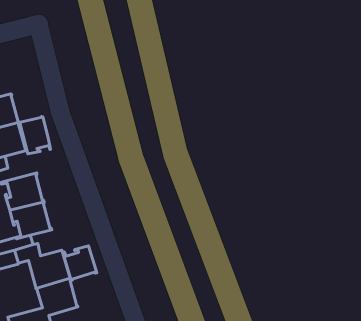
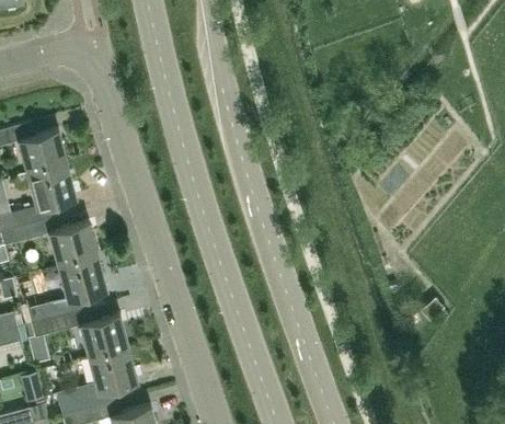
building: [20,117,51,154] -> none
building: [63,246,97,281] -> none

